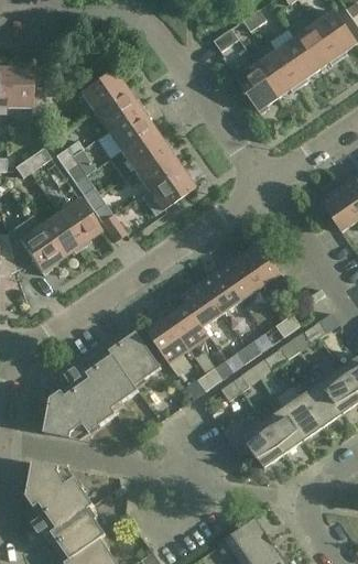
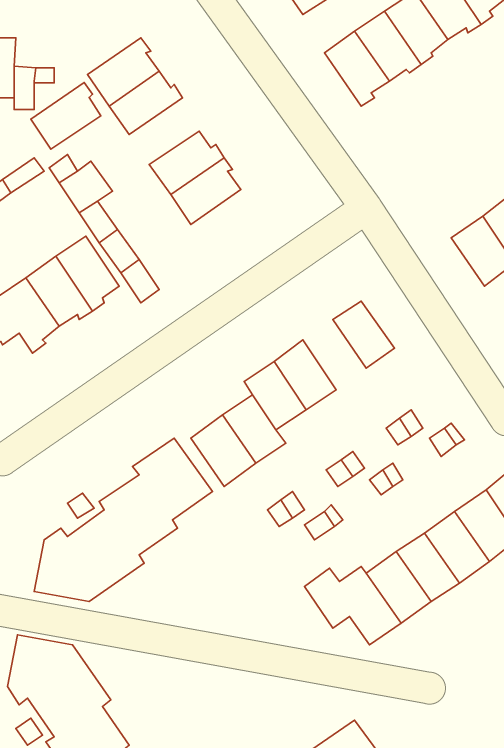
building: [106,108,152,152] -> [31,82,101,149]
building: [147,169,196,212] -> none
building: [220,254,262,301] -> none

